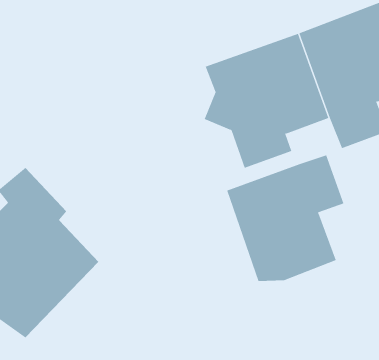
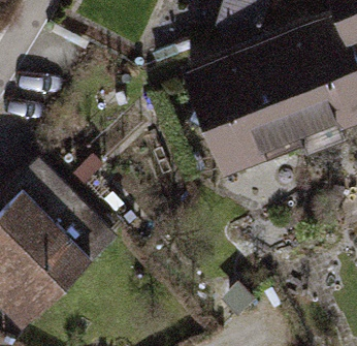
building: [227,155,344,282] -> none

